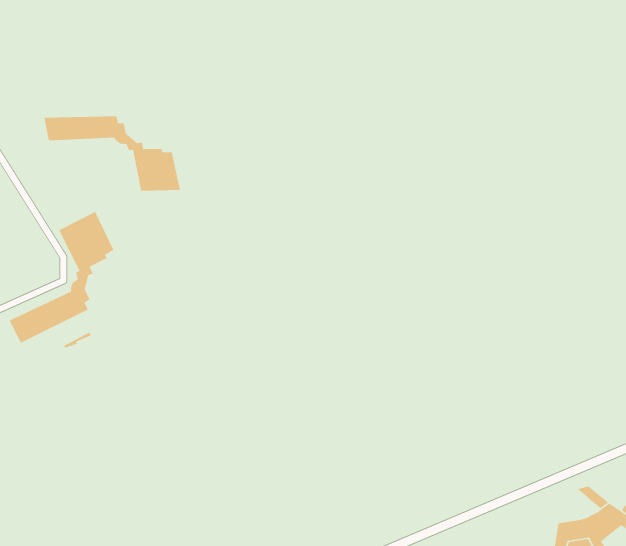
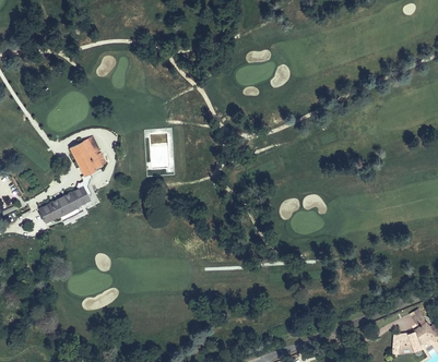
building: [43,116,181,192] -> none

